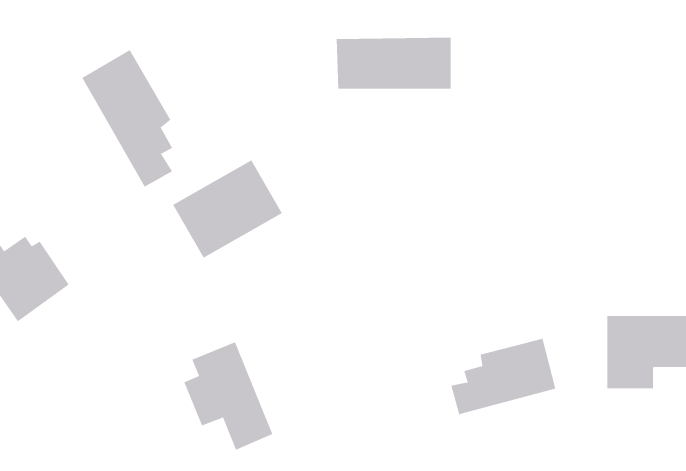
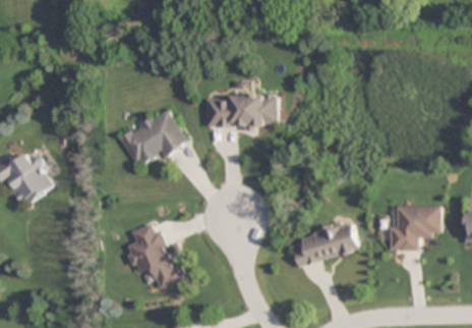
building: [336,37,451,89] -> [205,95,278,127]
building: [82,49,173,187] -> none

